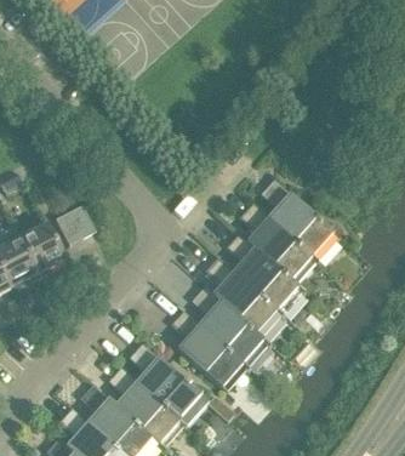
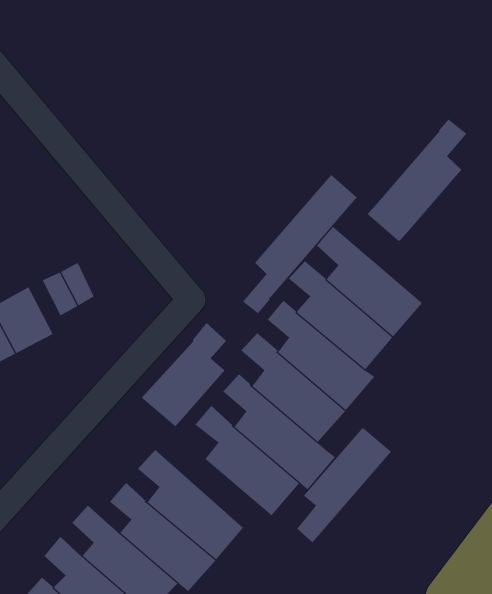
building: none -> [366,118,467,242]
building: none -> [242,174,358,314]
building: none -> [141,322,227,427]
building: none -> [296,427,392,543]

